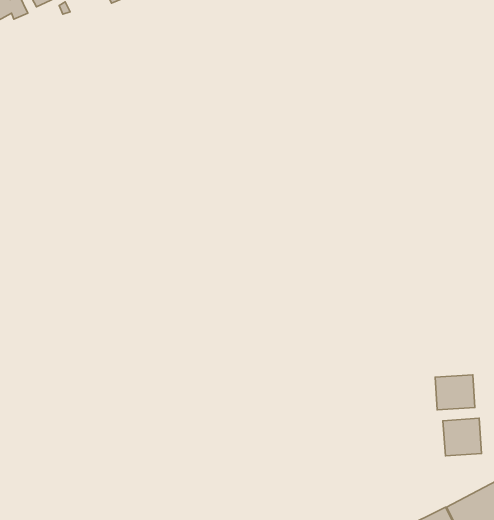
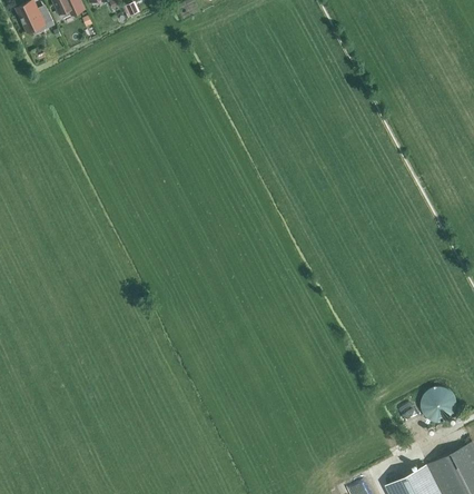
building: [435,375,475,410] -> none

